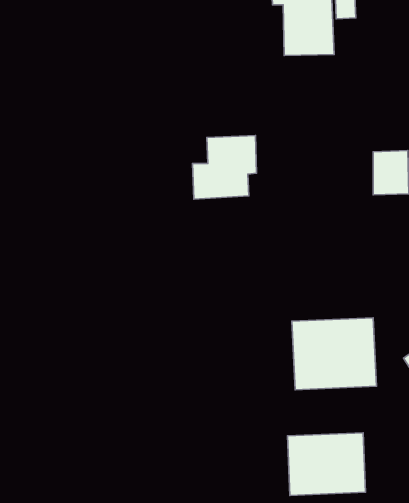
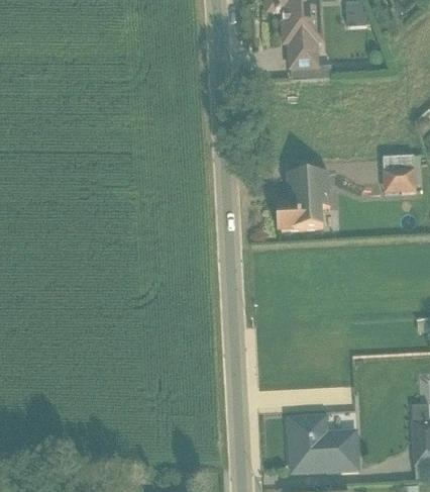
building: [193,135,256,199] -> [277,173,336,232]
building: [292,318,376,390] -> none

